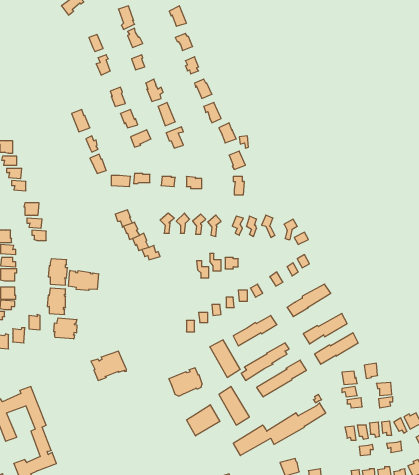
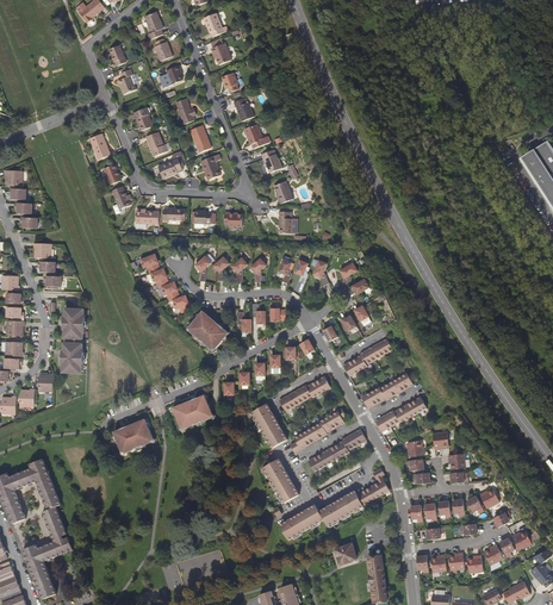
building: none -> [188,310,228,348]
building: [69,270,99,290] -> none
building: [54,318,77,339] -> none
building: [169,368,202,396] -> [172,393,211,426]
building: [187,405,220,436] -> none

